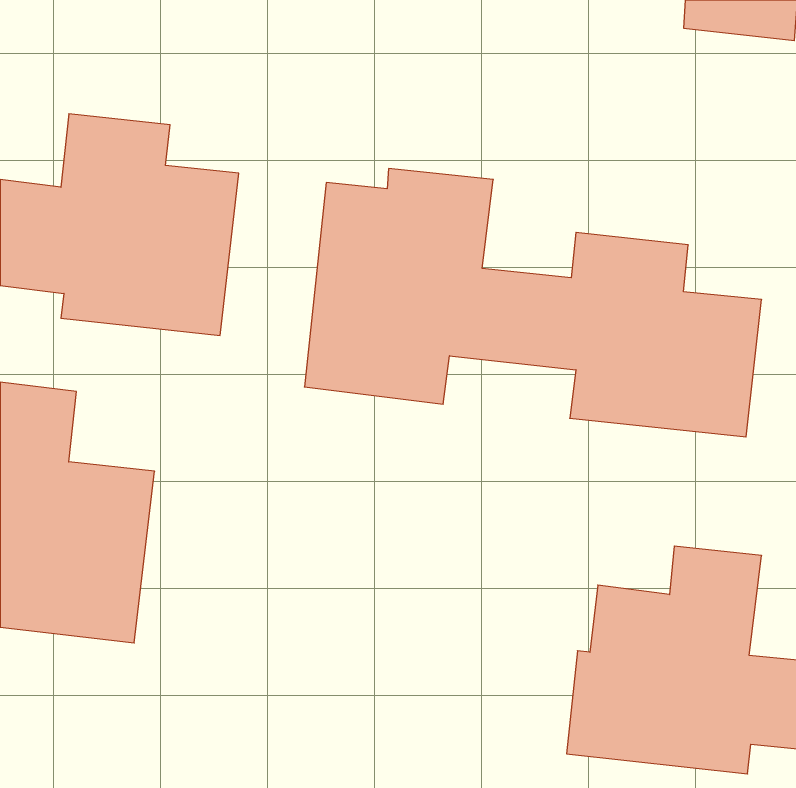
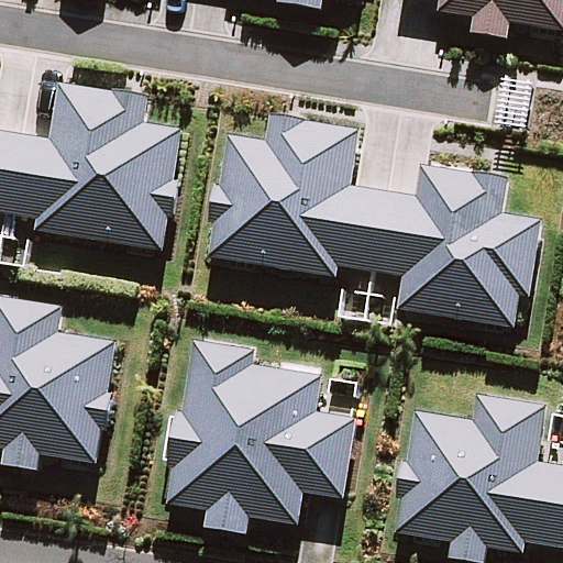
building: none -> [163,331,366,517]

